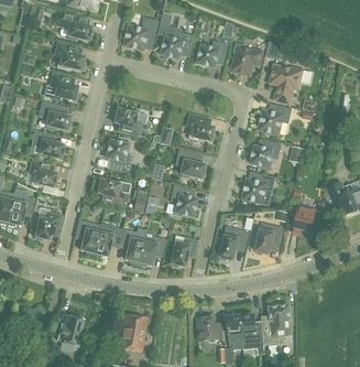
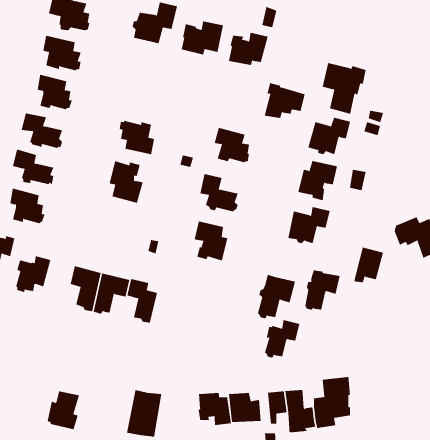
building: [231,43,263,71] -> [264,83,305,119]
building: [97,179,124,205] -> none
building: [138,236,165,266] -> none
building: [170,237,197,267] -> [264,319,300,358]
building: none -> [198,392,231,426]

